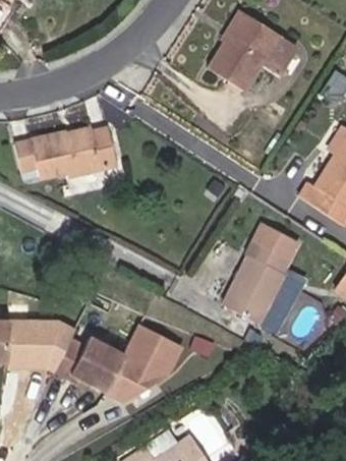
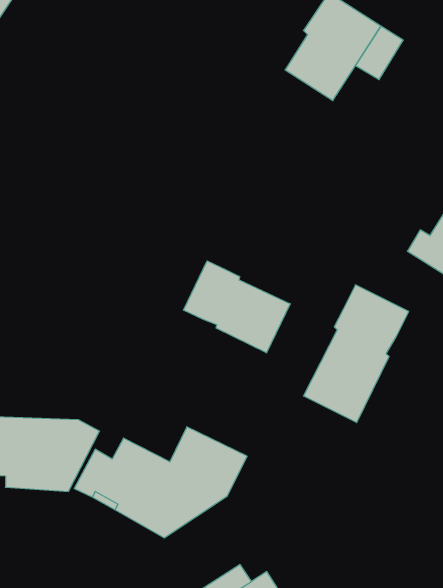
building: [15,128,115,176] -> none
building: none -> [184,261,290,353]

